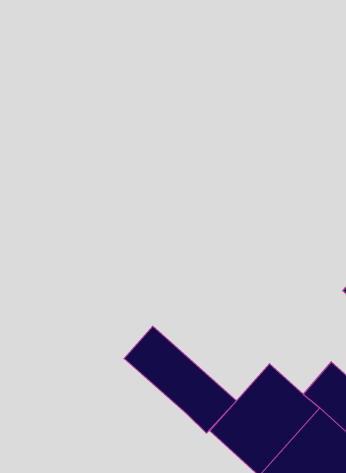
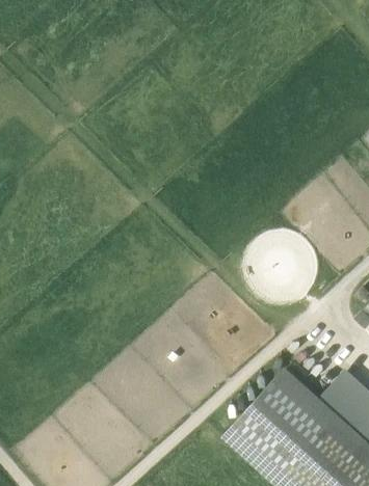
building: [124,326,237,433] -> none

